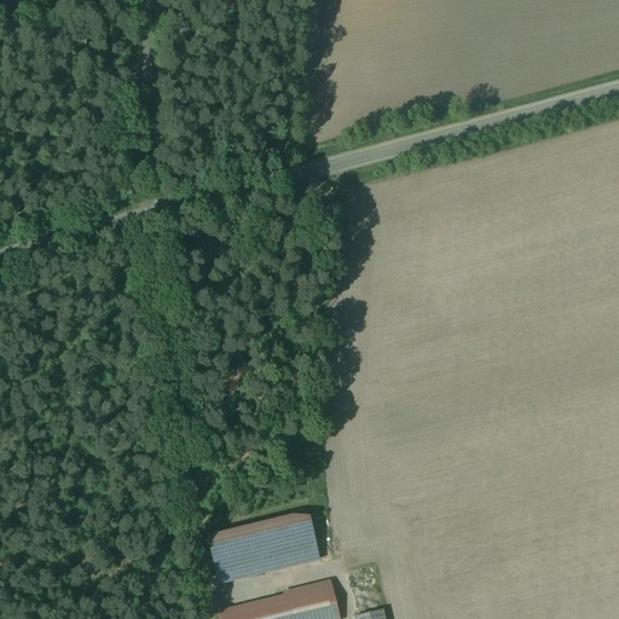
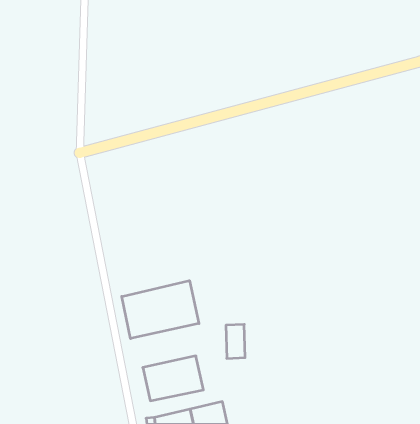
building: none -> [122,281,199,339]
building: [290,515,318,565] -> [226,324,245,358]

